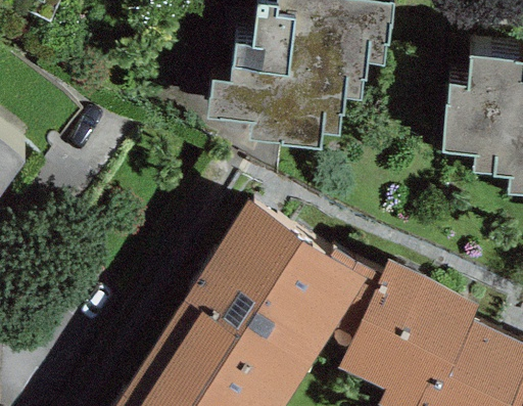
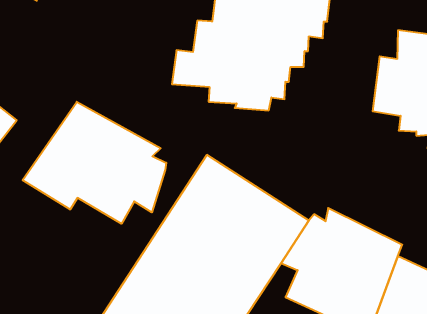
building: none -> [23,102,166,224]

